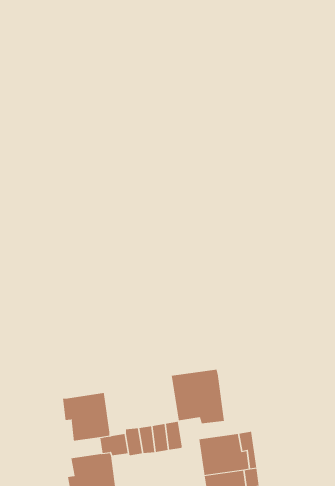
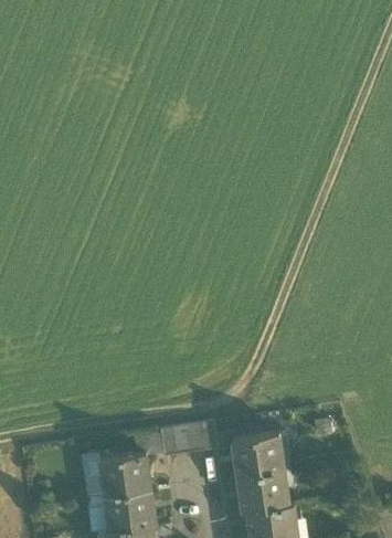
building: [171,369,225,424] -> none
building: [62,392,110,442] -> none

